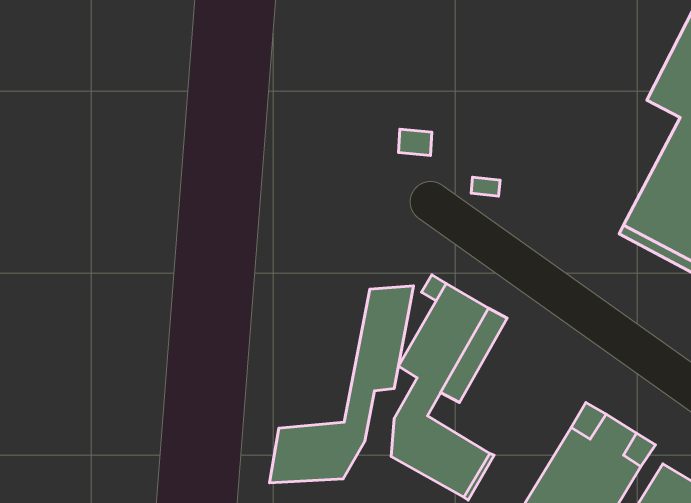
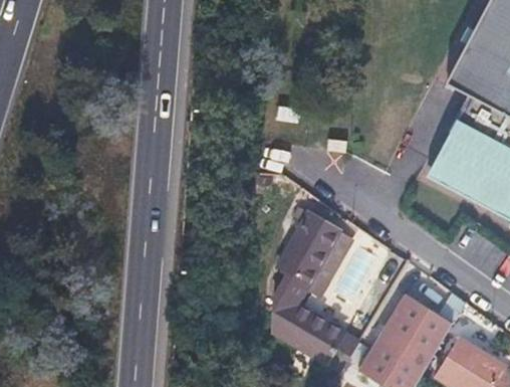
building: [269,286,413,483] -> none

